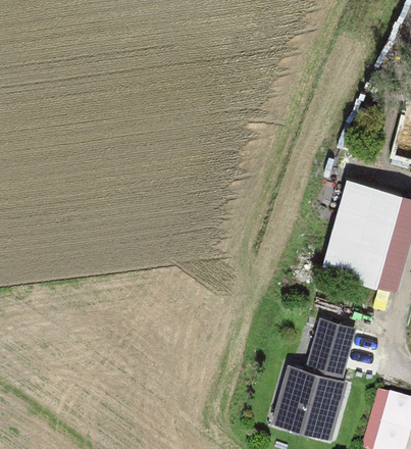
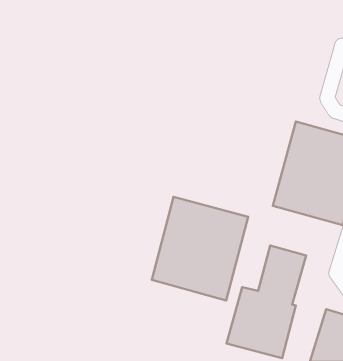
building: none -> [152,197,248,301]

